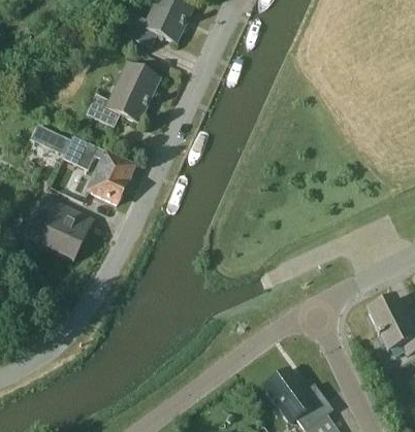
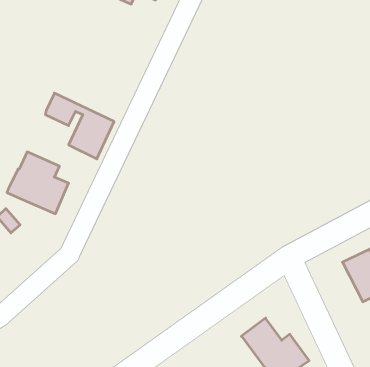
building: [86,63,159,127] -> none
building: [31,124,71,155] -> none

